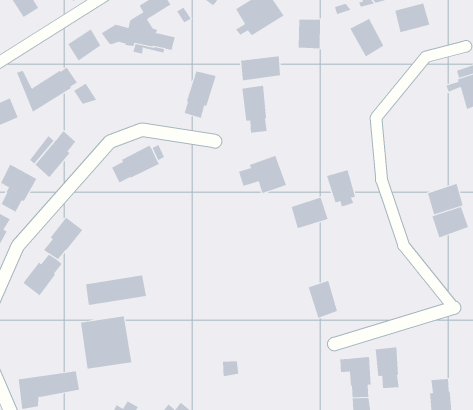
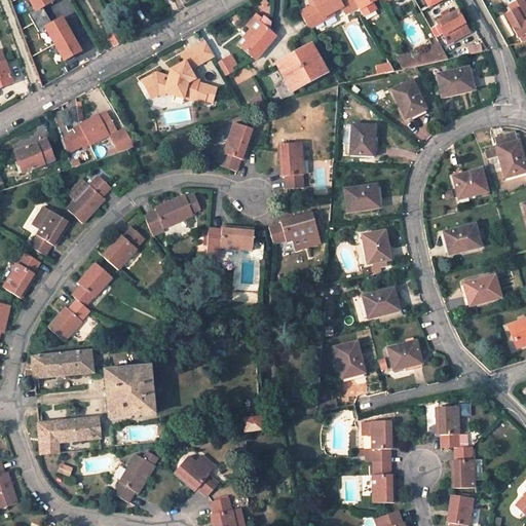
building: [298,19,321,49] -> [350,124,375,155]
building: [68,29,101,62] -> none
building: [241,56,281,81] -> none
building: none -> [453,168,487,198]
building: none -> [344,184,379,212]
building: none -> [209,225,254,250]
building: none -> [102,226,145,268]
building: [427,183,464,215] -> [444,222,480,253]
building: [291,197,328,229] -> [363,287,400,317]
building: [85,275,147,305] -> [32,349,93,377]
building: none -> [388,340,421,369]
building: [375,347,400,389] -> [436,405,458,446]

